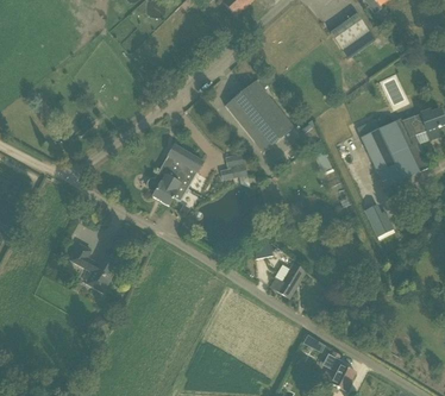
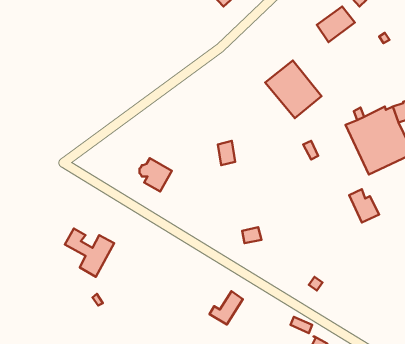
building: [227,80,286,139] -> [265,61,321,118]
building: [158,143,202,187] -> none
building: [271,262,306,296] -> [210,291,243,325]

